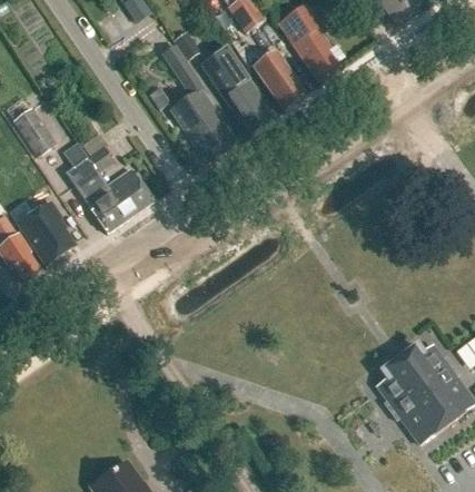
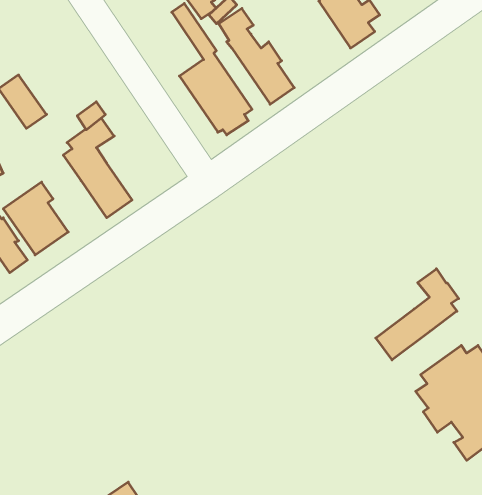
building: [253,49,305,108] -> none
building: [107,167,152,216] -> none
building: none -> [376,269,459,360]

